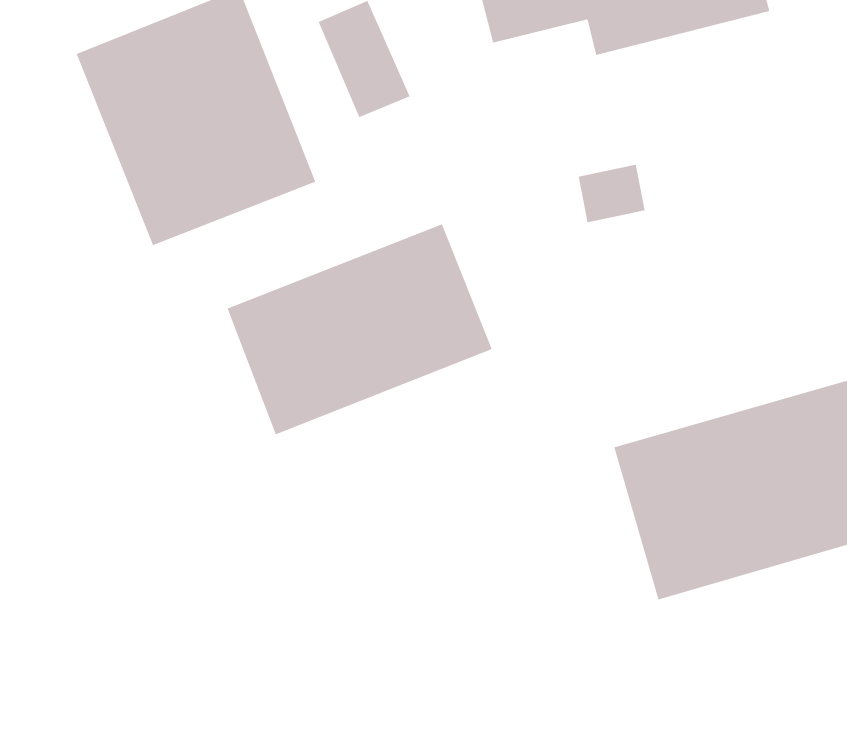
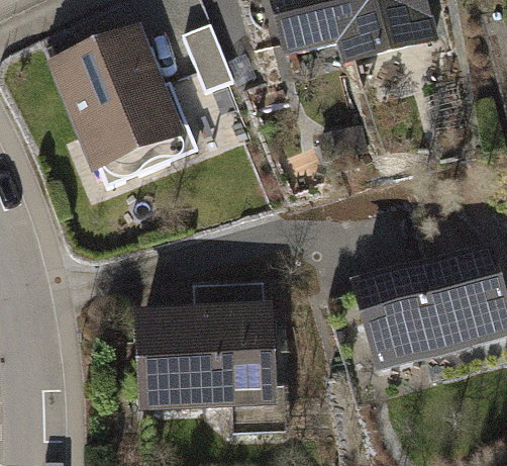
building: [227,224,492,435] -> none
building: none -> [133,283,279,412]

